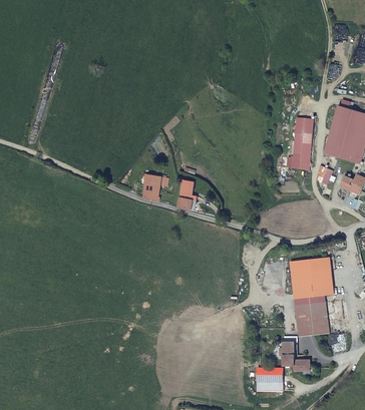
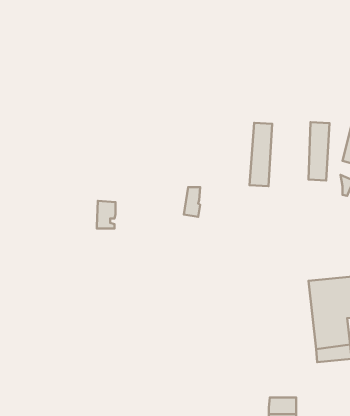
building: none -> [250,123,272,186]
building: [143,174,160,199] -> [97,201,116,228]
building: [283,337,309,368] -> none

